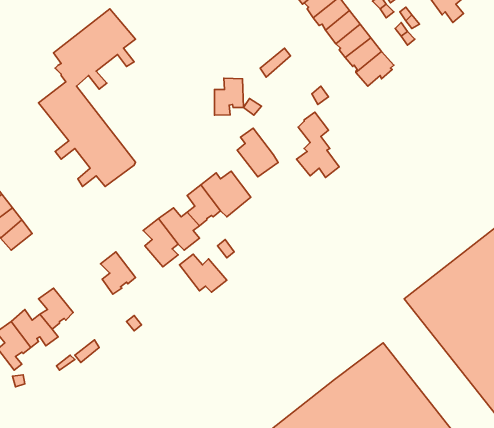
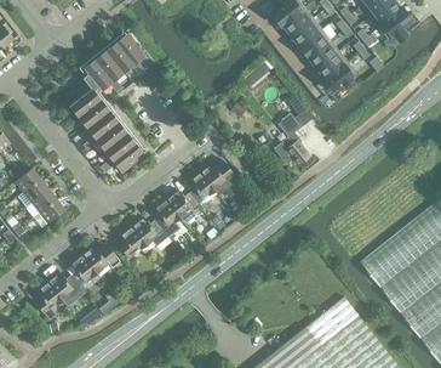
building: [214,78,243,115] -> none
building: [237,128,278,177] -> none
building: [180,254,227,292] -> [131,216,168,247]
building: none -> [81,242,120,273]

